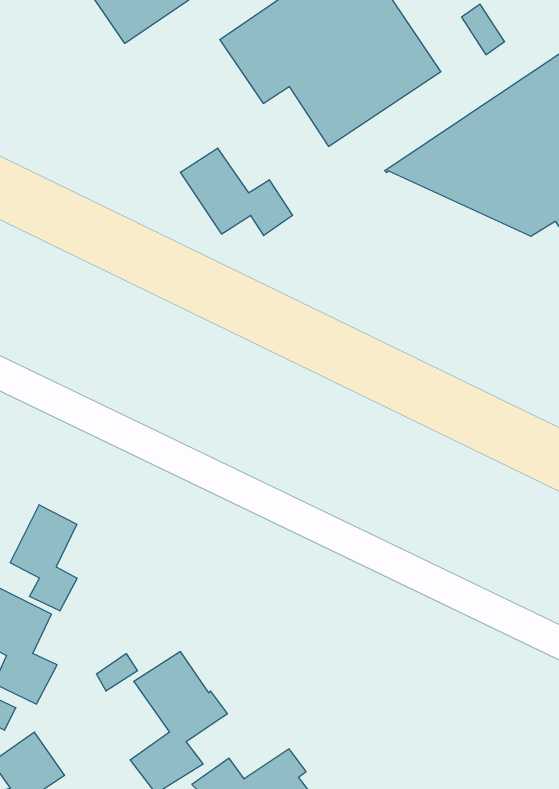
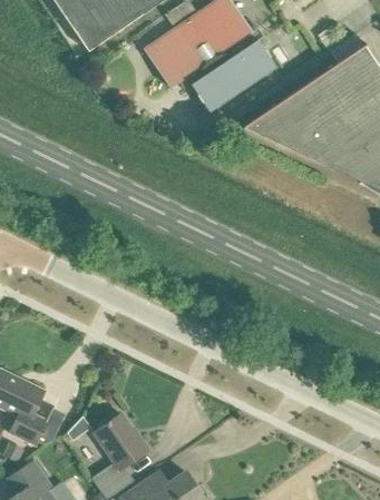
building: [180,148,292,236] -> none
building: [10,505,77,611] -> none

